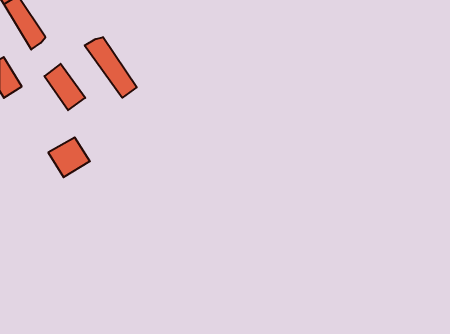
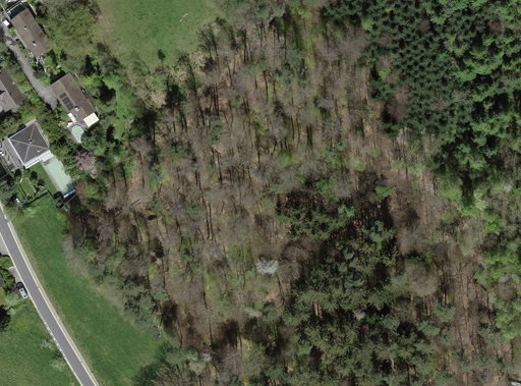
building: [85,37,137,98] -> none
building: [48,137,90,177] -> [8,122,53,165]

